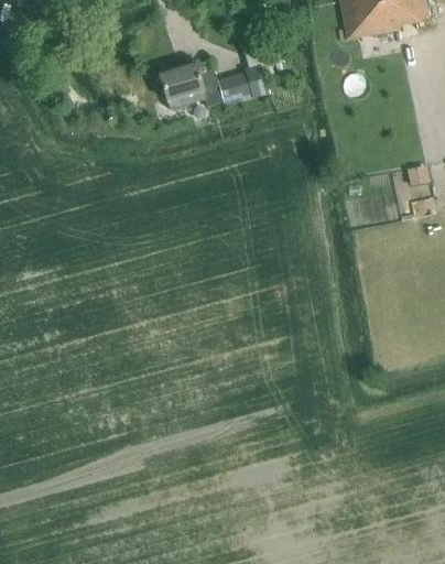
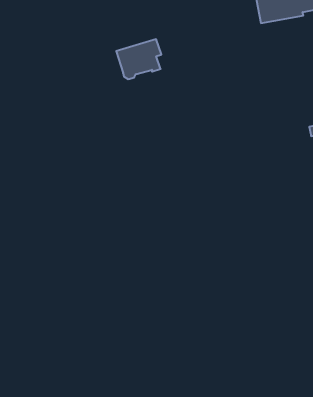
building: [214,68,261,105] -> none

